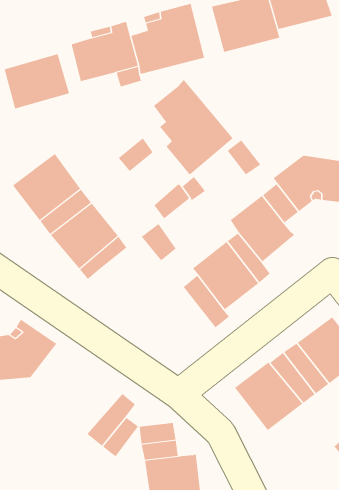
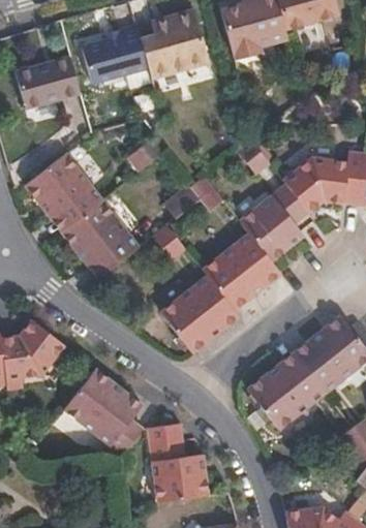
building: [153,79,233,176] -> none
building: none -> [161,286,224,351]
building: none -> [66,364,132,431]

